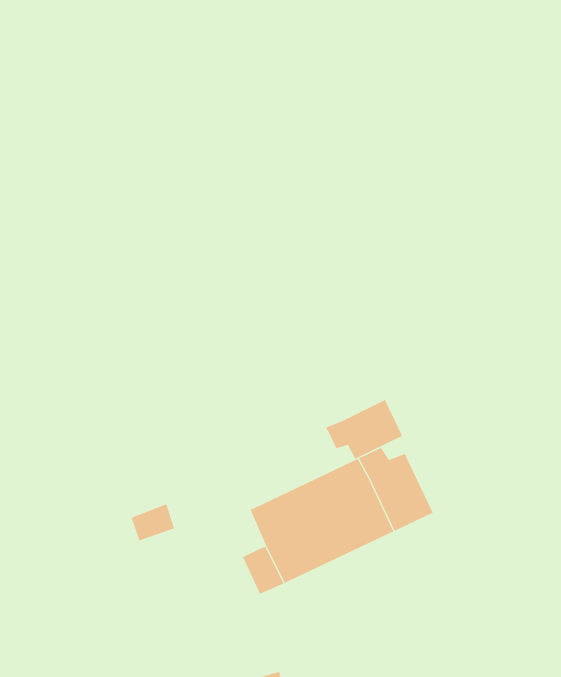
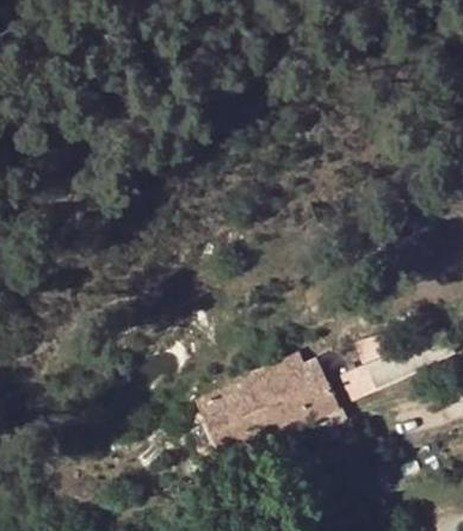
building: [325,399,403,459] -> none

